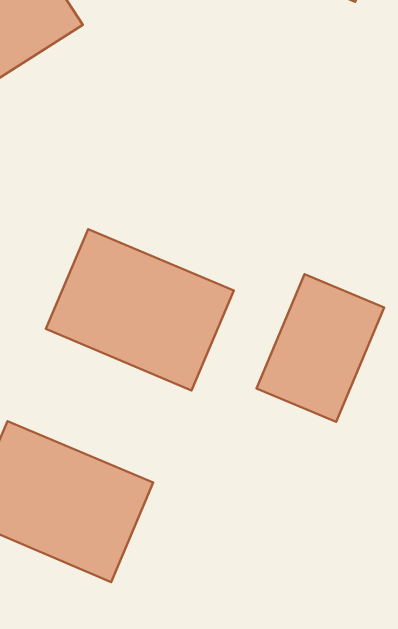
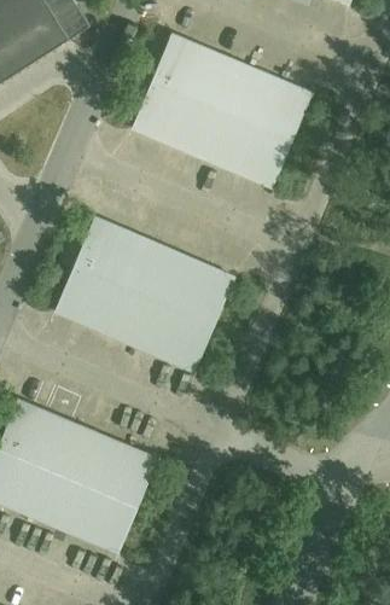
building: none -> [133,35,310,186]
building: [256,274,384,422] -> none

